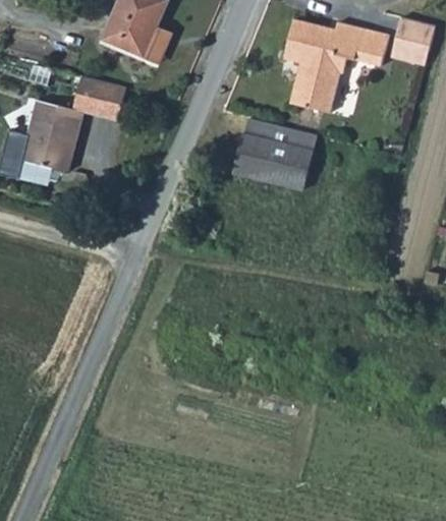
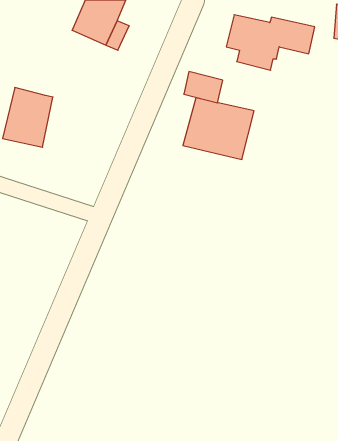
building: [289,74,335,111] -> [184,72,223,103]
building: [69,82,126,124] -> none

